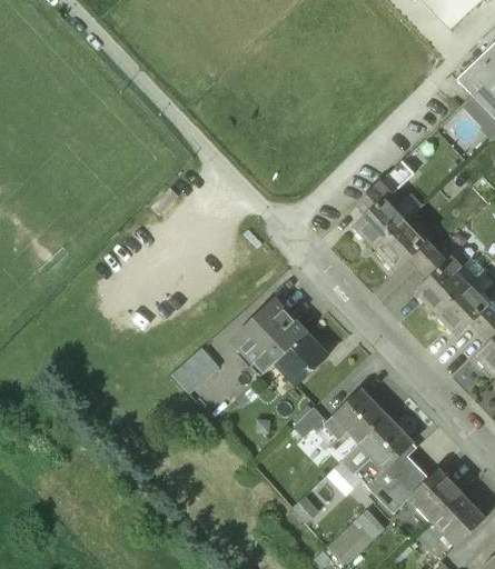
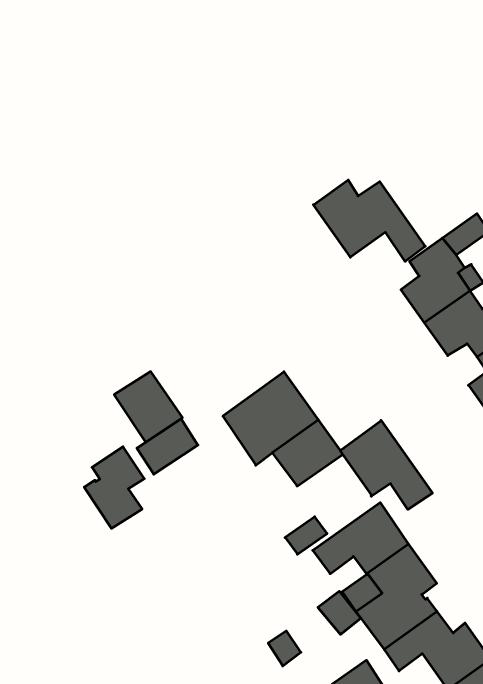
building: none -> [313,180,425,261]
building: none -> [114,372,182,442]
building: none -> [340,420,432,509]
building: none -> [84,447,144,528]

